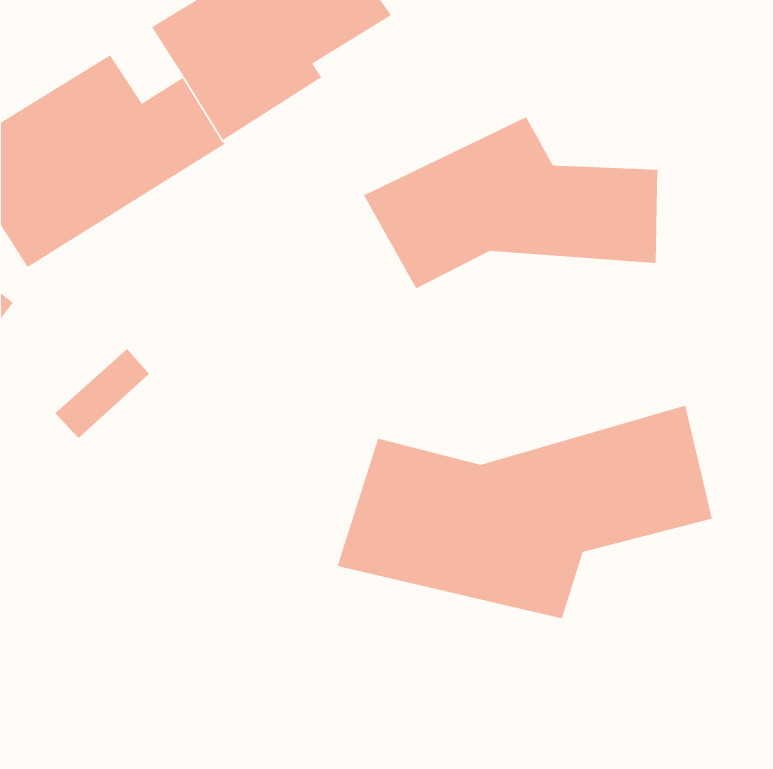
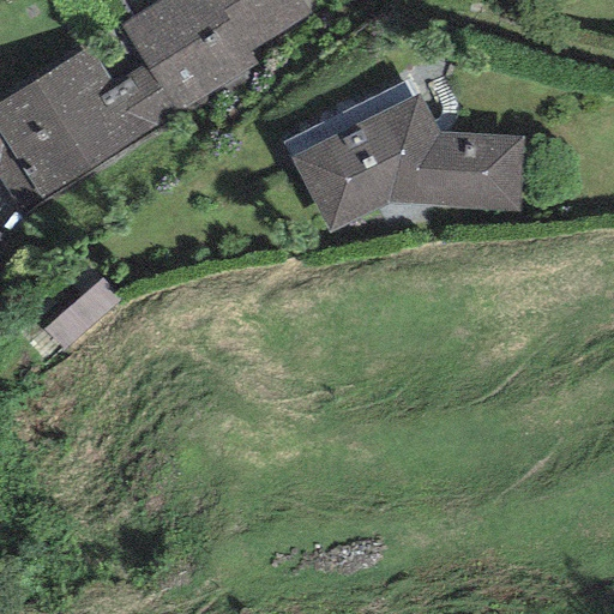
building: [337,405,712,619] -> none

